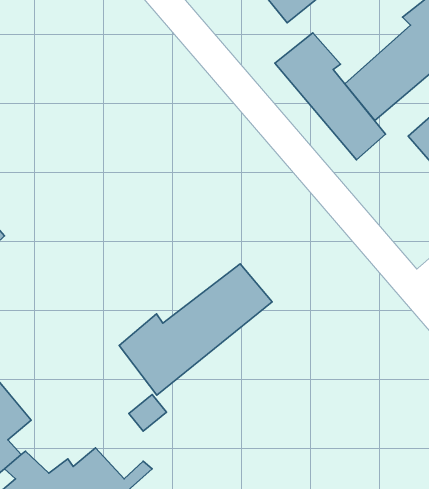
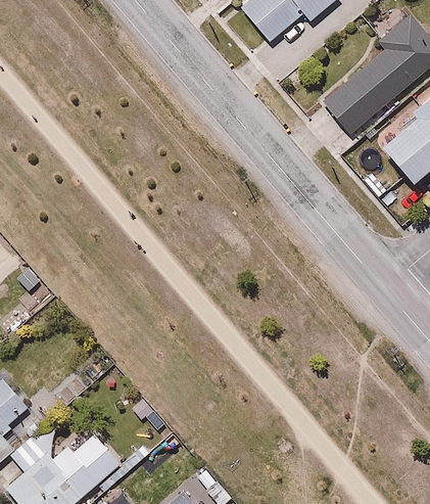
building: [275,33,386,160] -> none
building: [119,264,272,395] -> none

